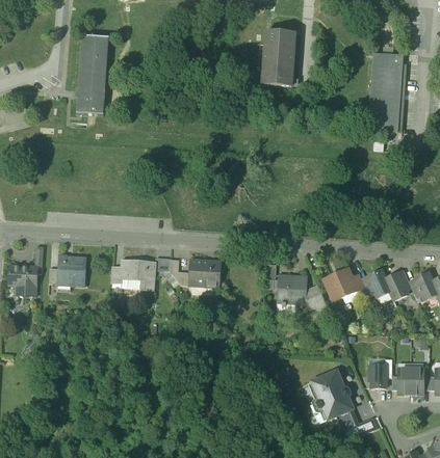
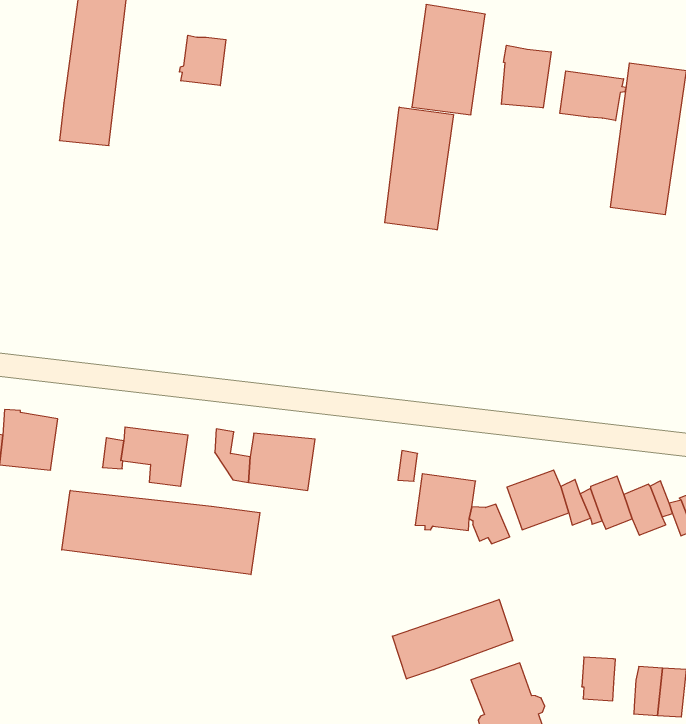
building: none -> [501,45,551,108]
building: none -> [179,35,226,86]
building: none -> [560,71,626,121]
building: none -> [385,107,453,230]
building: none -> [62,490,260,575]
building: none -> [392,599,513,679]

